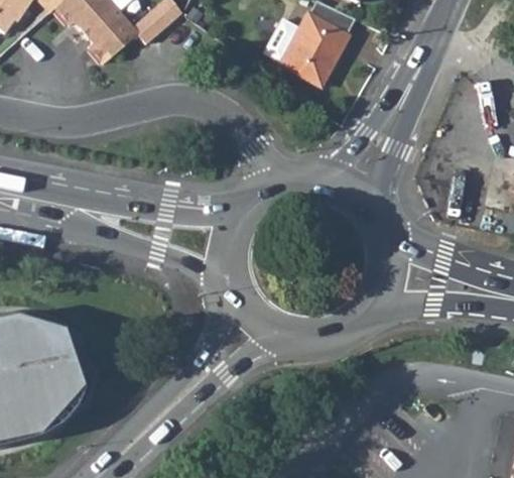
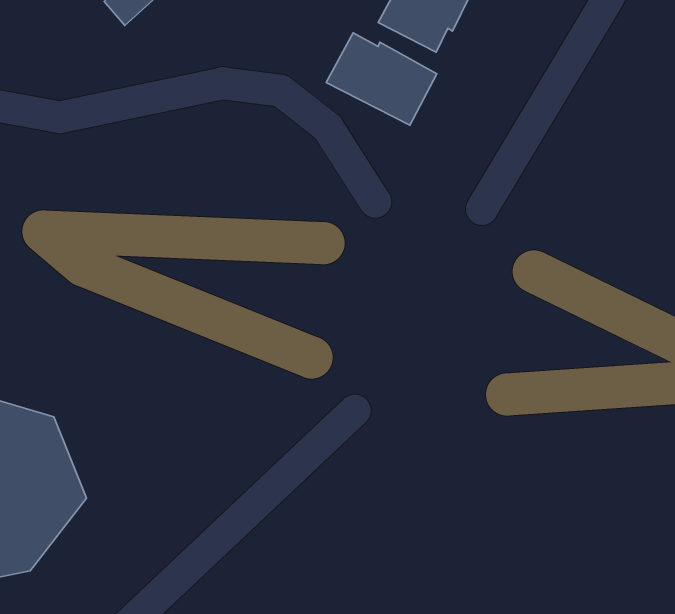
building: none -> [326,33,437,125]

